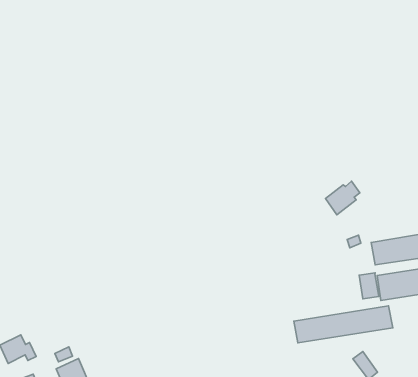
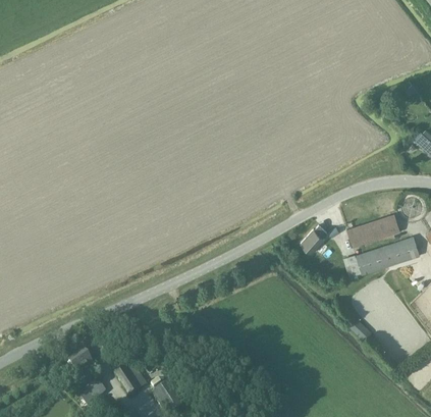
building: [325,181,360,215] -> [301,225,327,254]
building: [294,306,393,343] -> none

